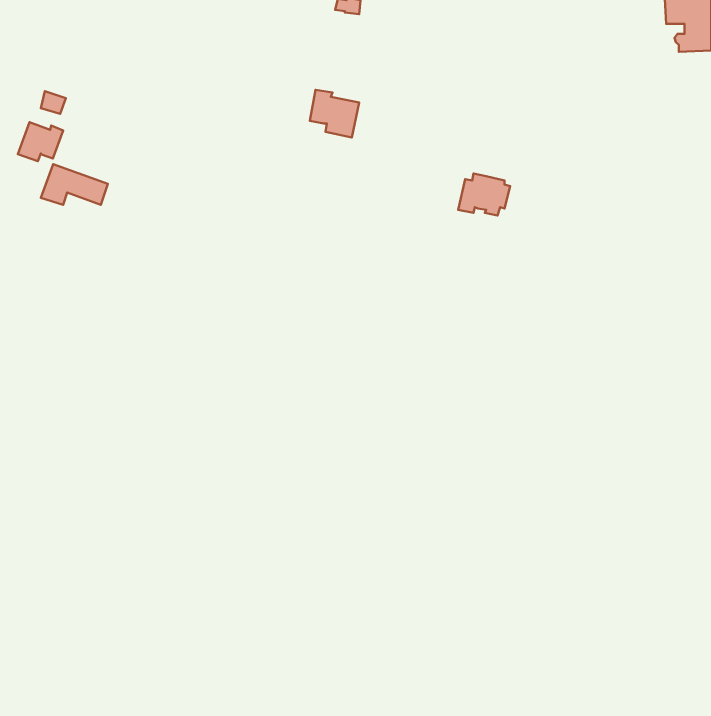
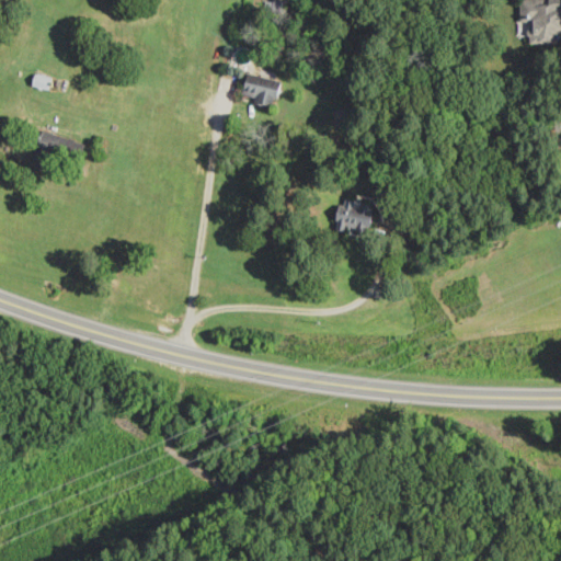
building: [18,122,63,161] -> none
building: [458,173,510,216] -> [333,198,374,231]

